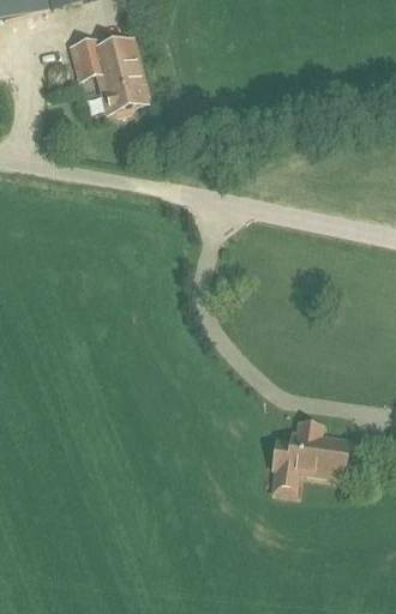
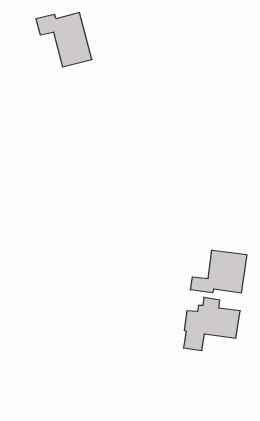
building: none -> [190,250,247,293]

